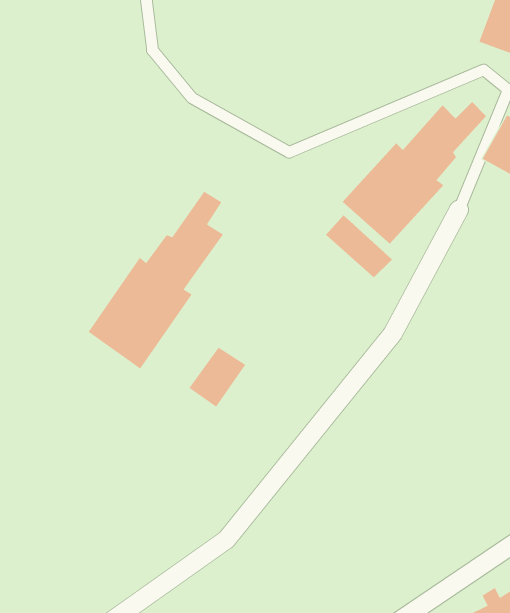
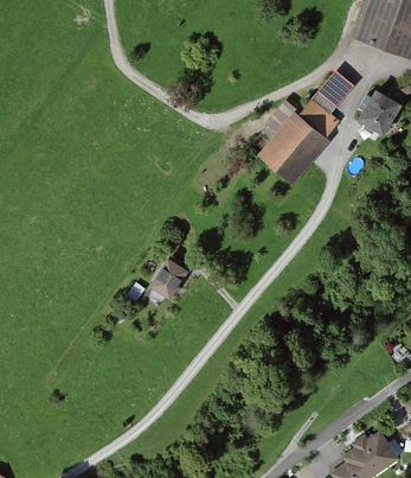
building: [88,191,224,369] -> none
building: [325,214,393,278] -> none

